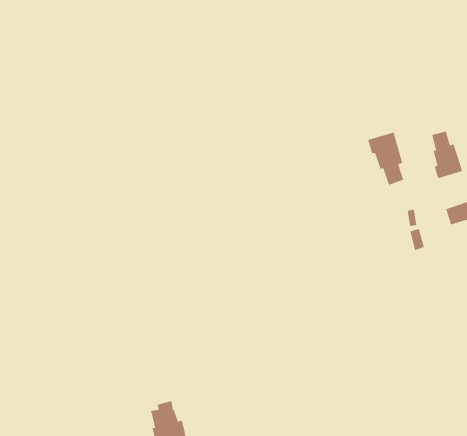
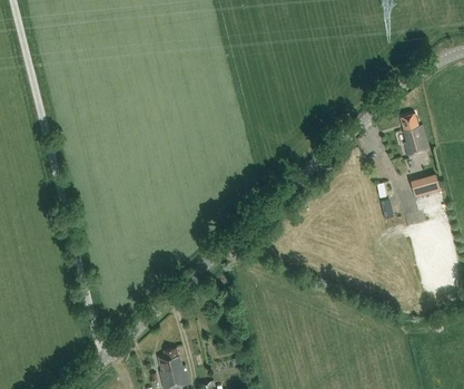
building: [367,131,404,186] -> none

